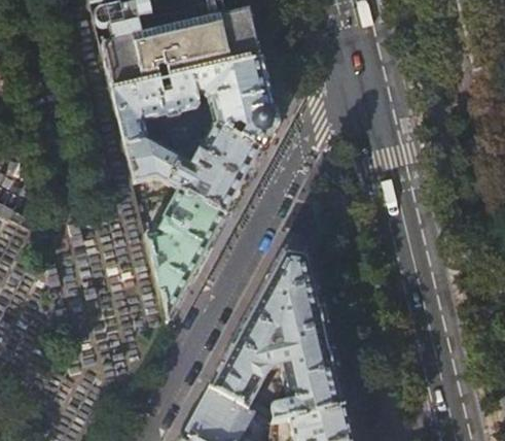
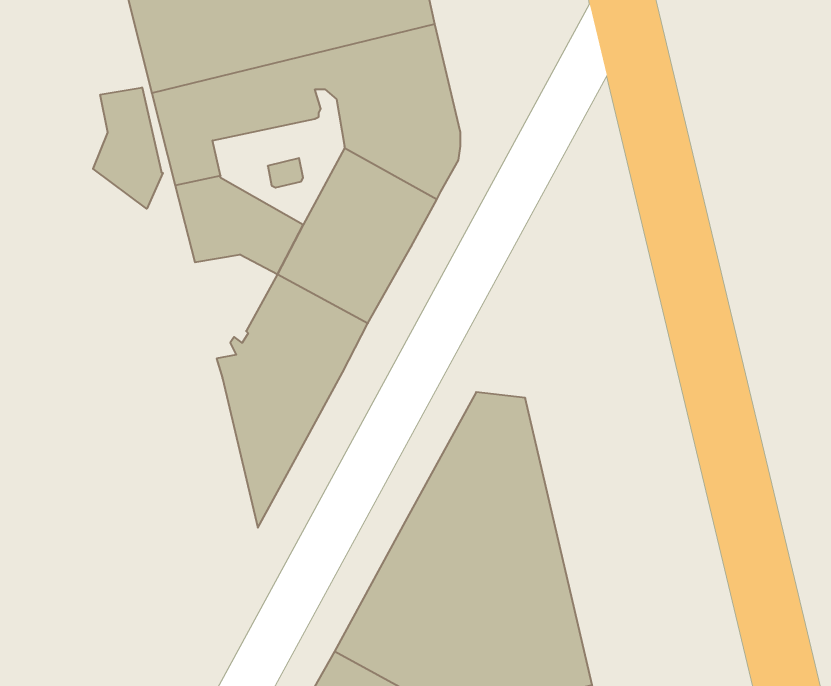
building: none -> [93,87,163,209]

